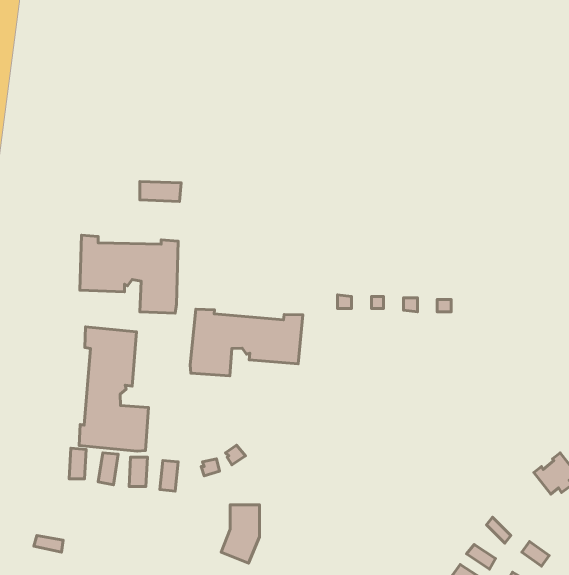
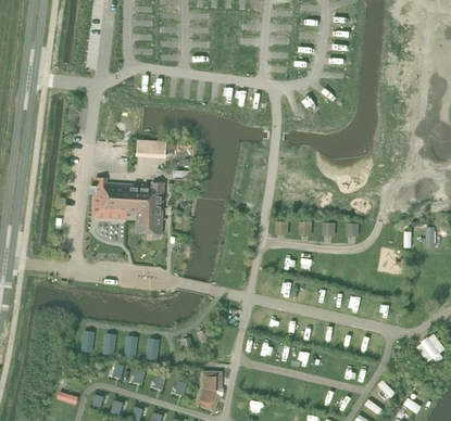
building: [190,309,303,376] -> none
building: [79,327,149,451] -> none

